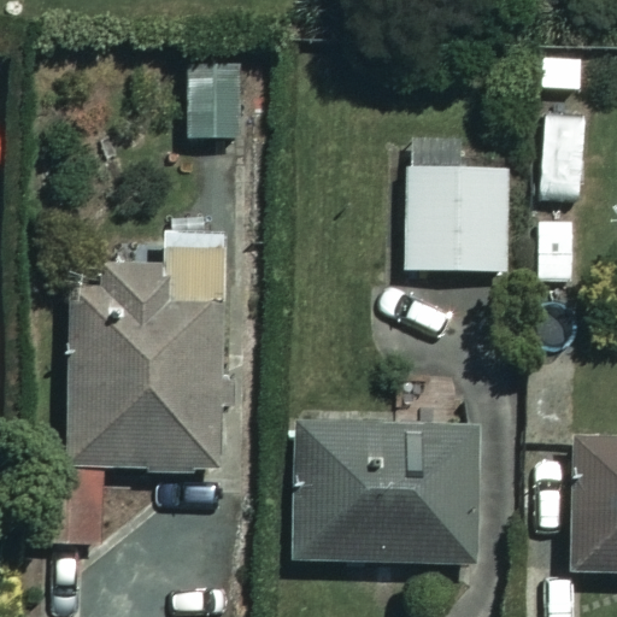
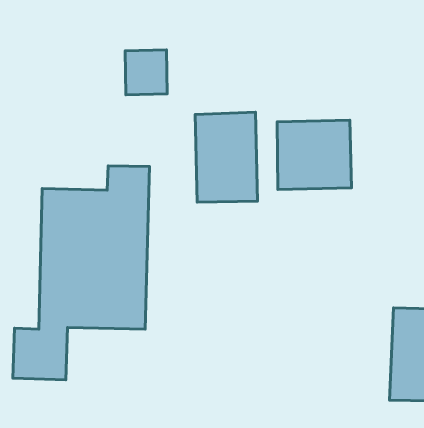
building: none -> [195,112,257,202]
building: [292,422,477,559] -> none

